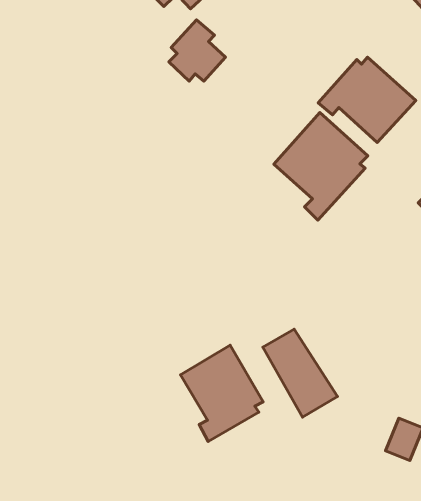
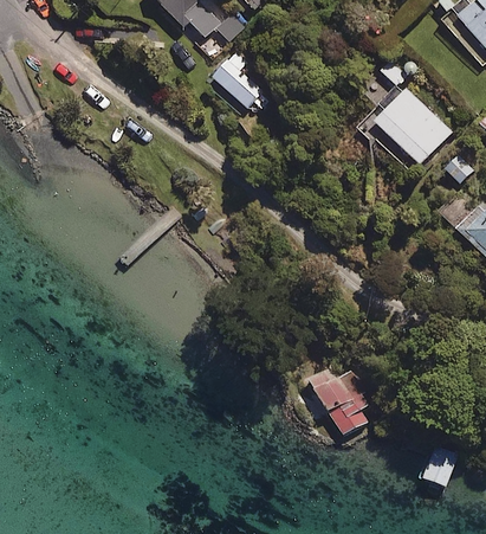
building: [274,113,368,220] -> none
building: [181,345,263,441] -> none

